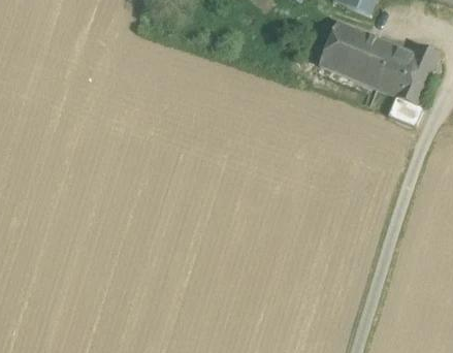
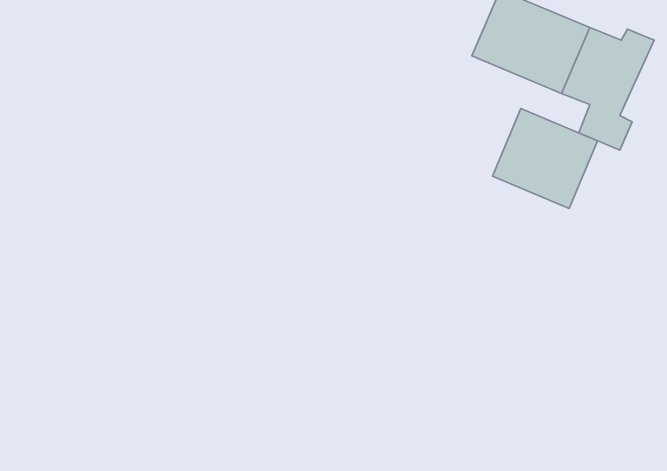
building: none -> [493,108,597,209]

